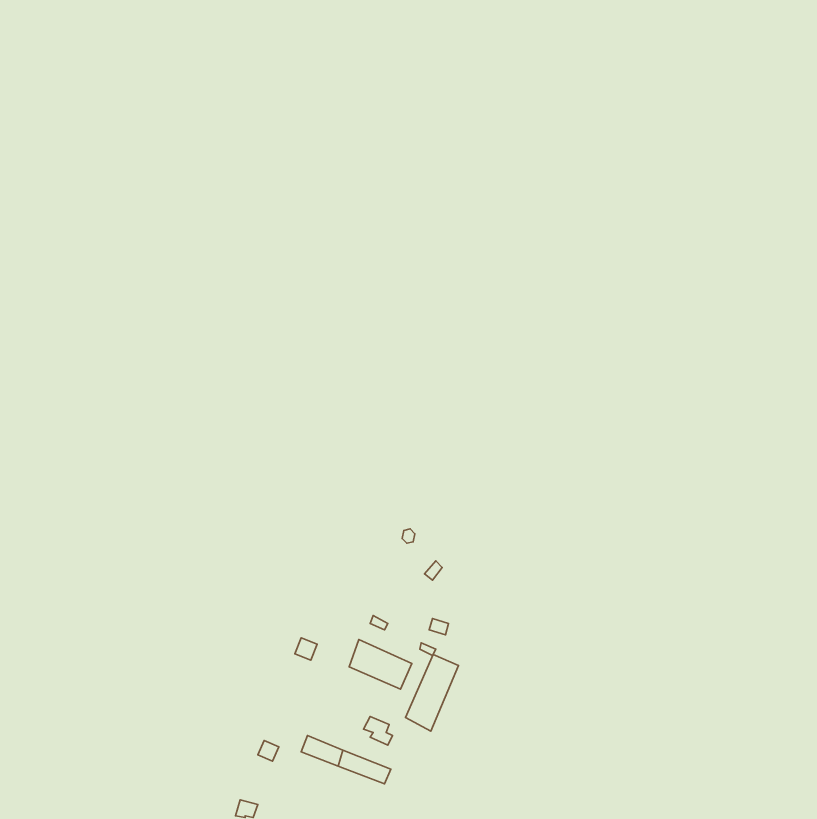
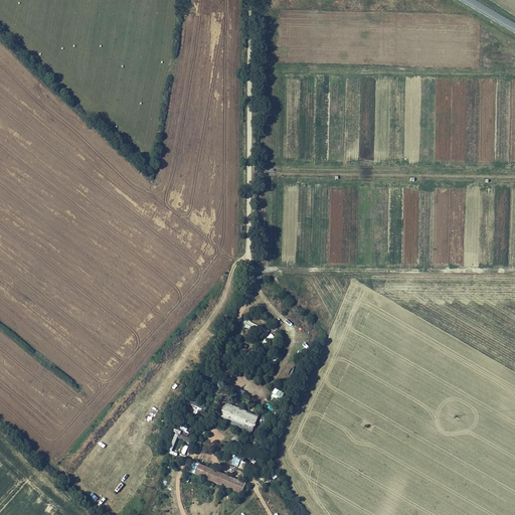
building: [406,654,459,731] -> none

